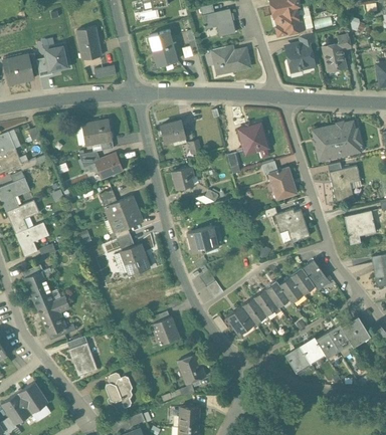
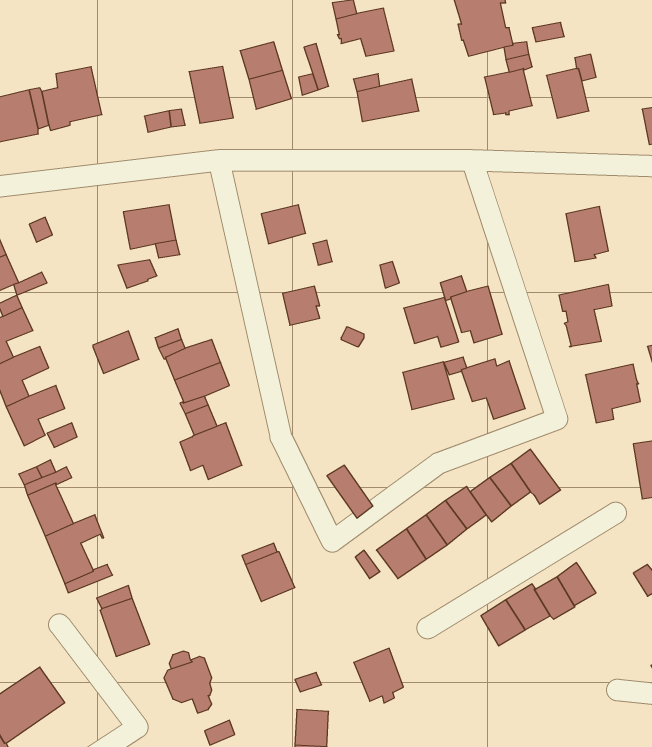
building: [76,28,102,60] -> [189,66,233,123]
building: [237,123,268,151] -> [404,297,459,347]
building: [313,126,338,156] -> none
building: [95,155,122,179] -> [93,331,139,373]
building: [188,226,217,253] -> [403,362,454,410]
building: [341,316,370,347] -> none
building: [177,355,205,386] -> [354,648,403,703]

